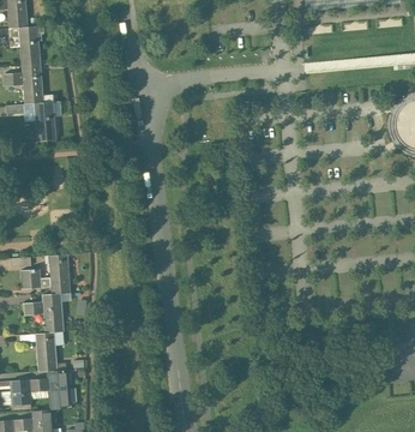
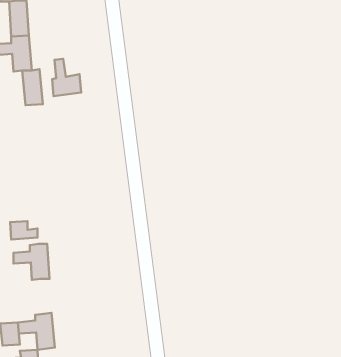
building: none -> [52,59,81,96]
building: [48,254,71,294] -> none
building: [35,332,58,372] -> none

